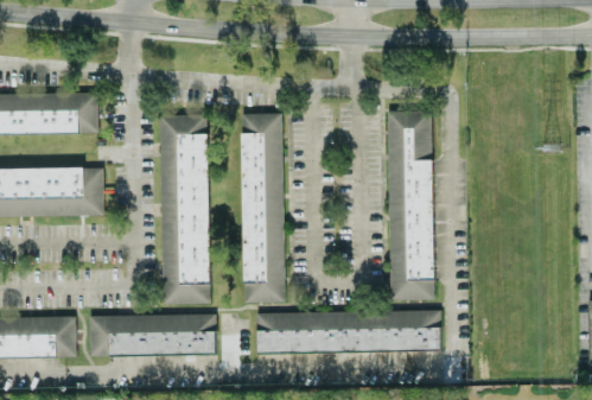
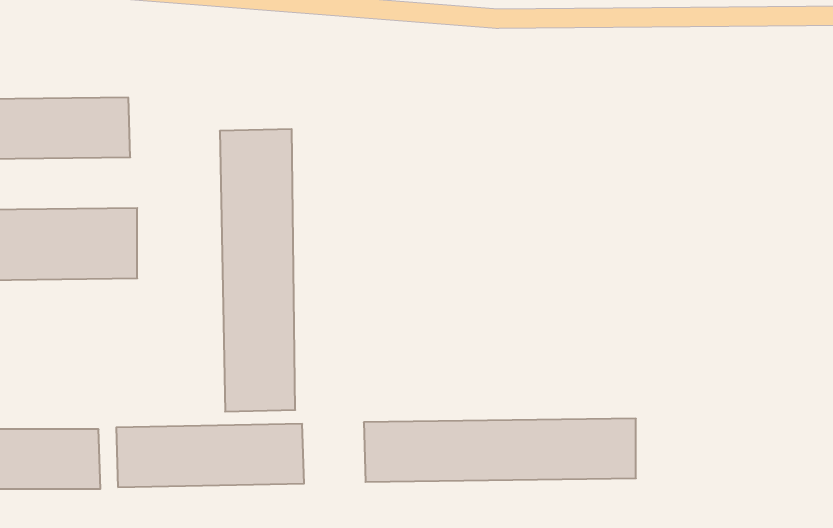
building: [386,112,432,300] -> none
building: [240,113,284,303] -> none

